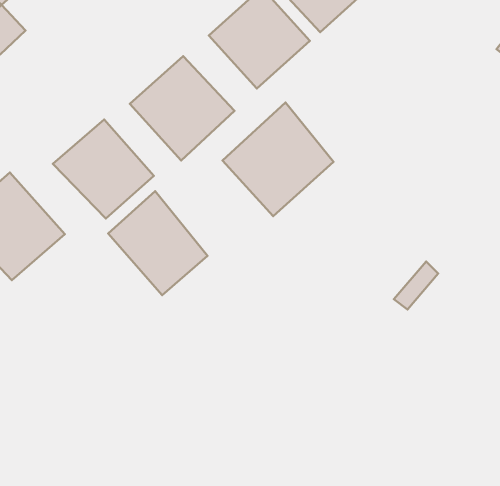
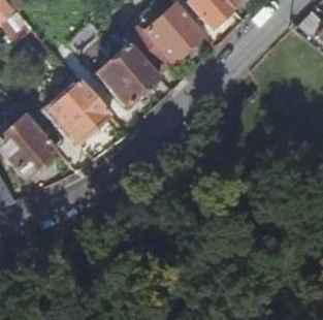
building: [223,102,333,216] -> none
building: [108,191,208,295] -> none

